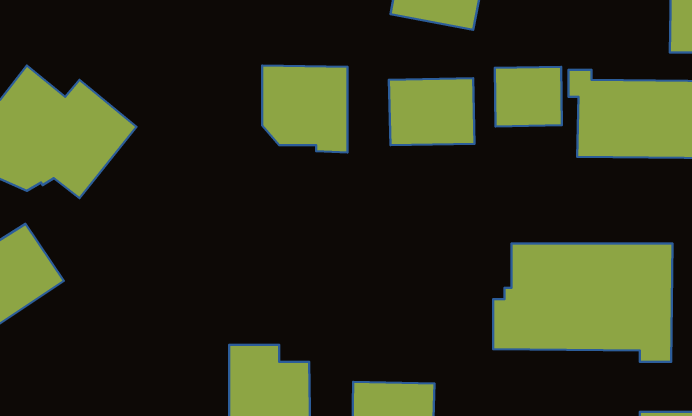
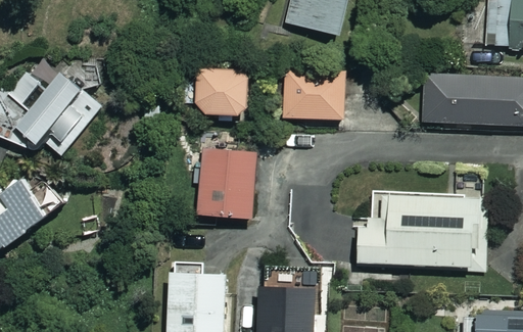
building: [495,67,562,126] -> none
building: none -> [198,151,258,219]

